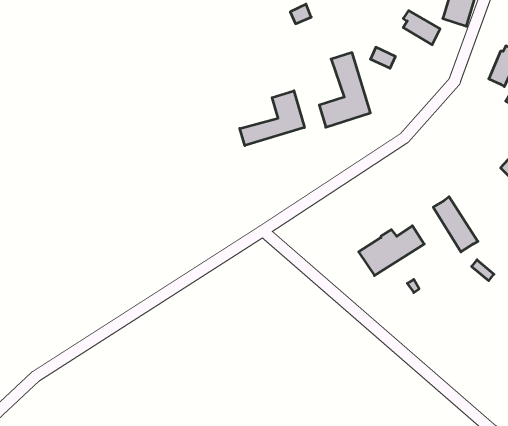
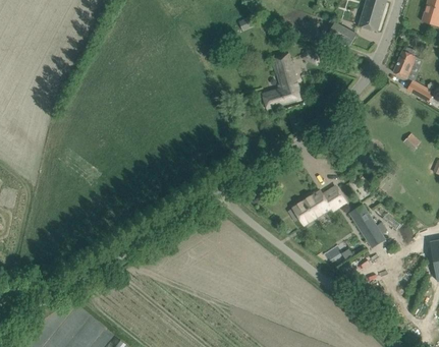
building: [240,91,304,146] -> none
building: [433,197,478,252] -> [350,204,385,246]

